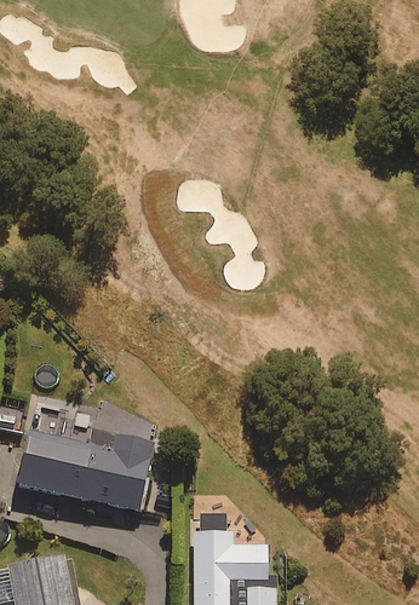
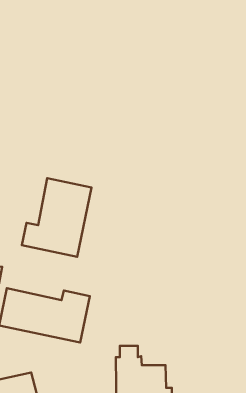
building: none -> [22,178,92,257]

